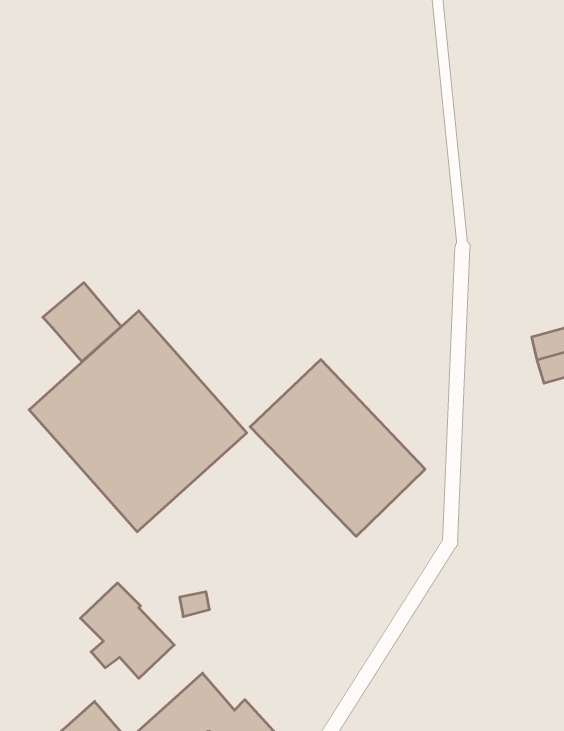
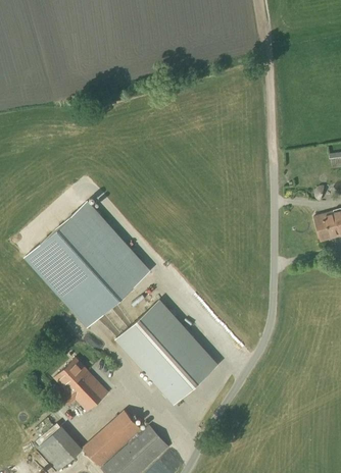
building: [43,283,121,362] -> none
building: [250,360,425,536] -> [114,300,215,402]

